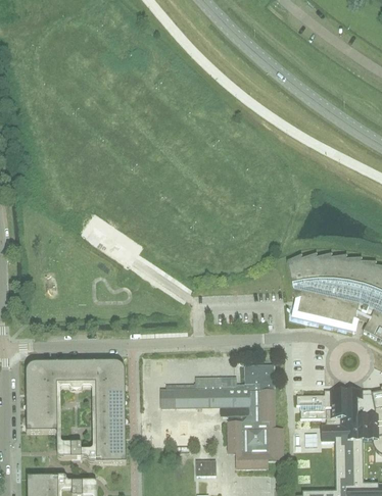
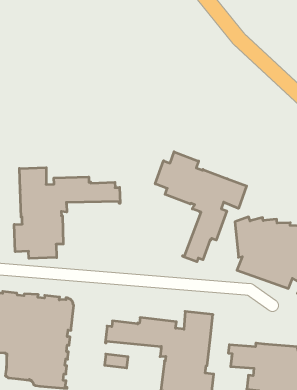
building: none -> [155,152,247,262]
building: none -> [14,168,120,258]

